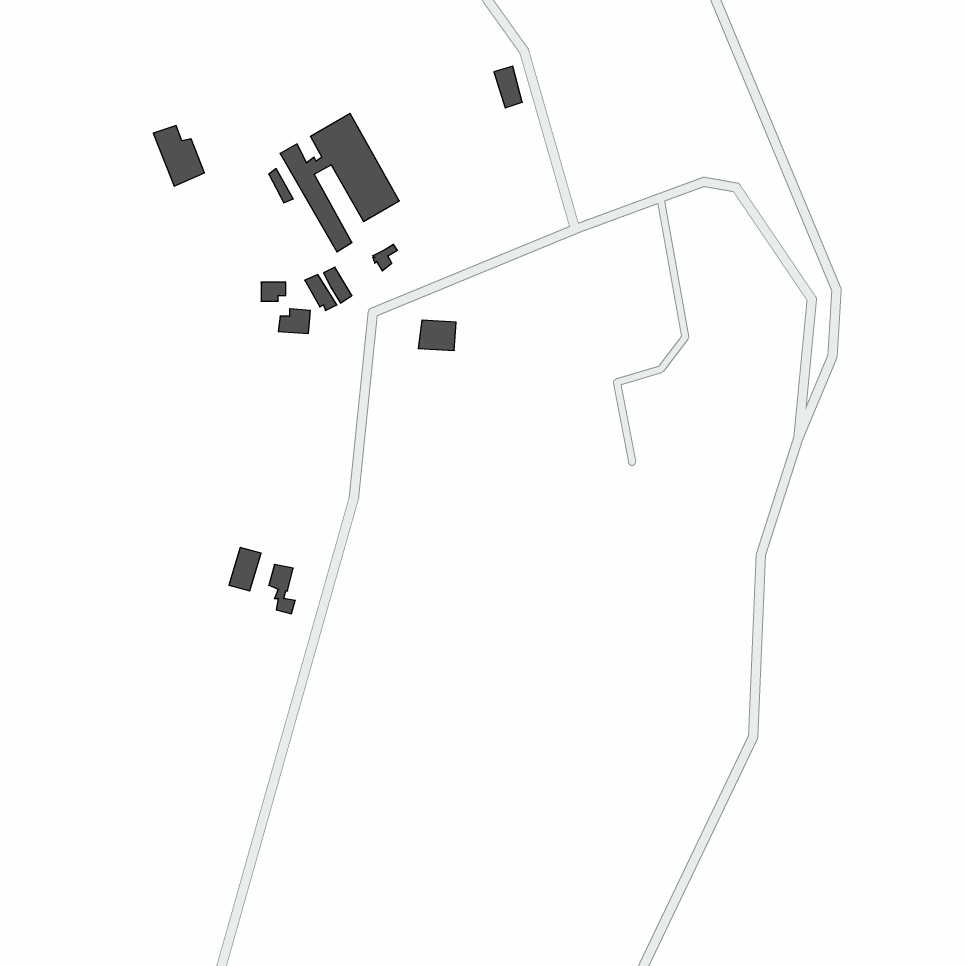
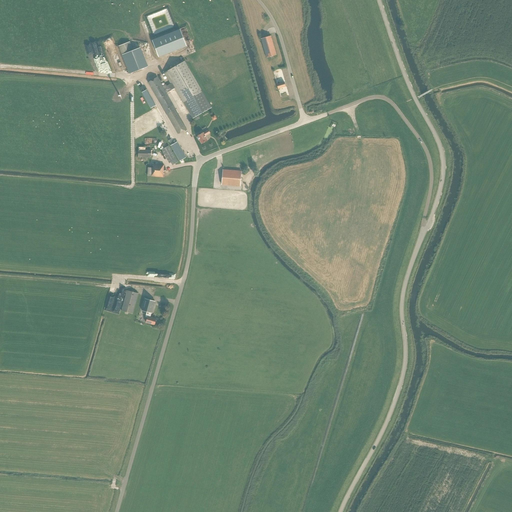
building: none -> [145,30,180,60]
building: [153,126,204,186] -> [118,41,145,73]

